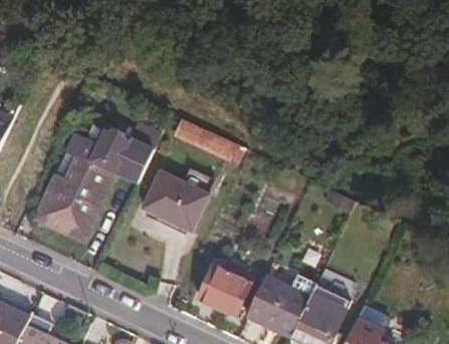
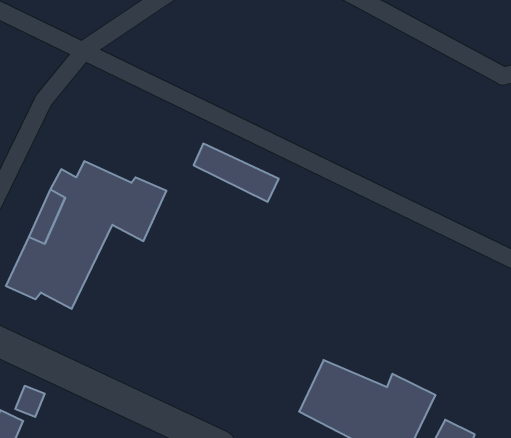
building: [144,171,207,231] -> none
building: [195,264,250,314] -> none

